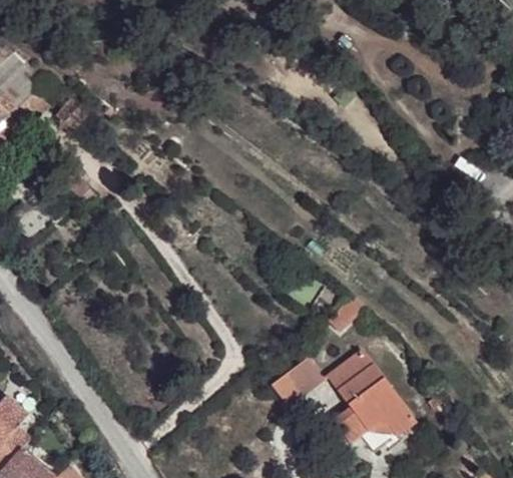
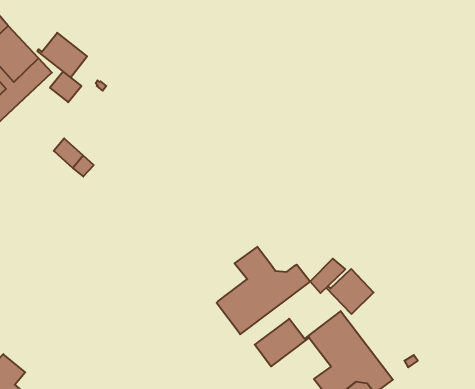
building: none -> [37,33,87,78]
building: none -> [217,247,310,334]
building: none -> [326,269,374,314]

